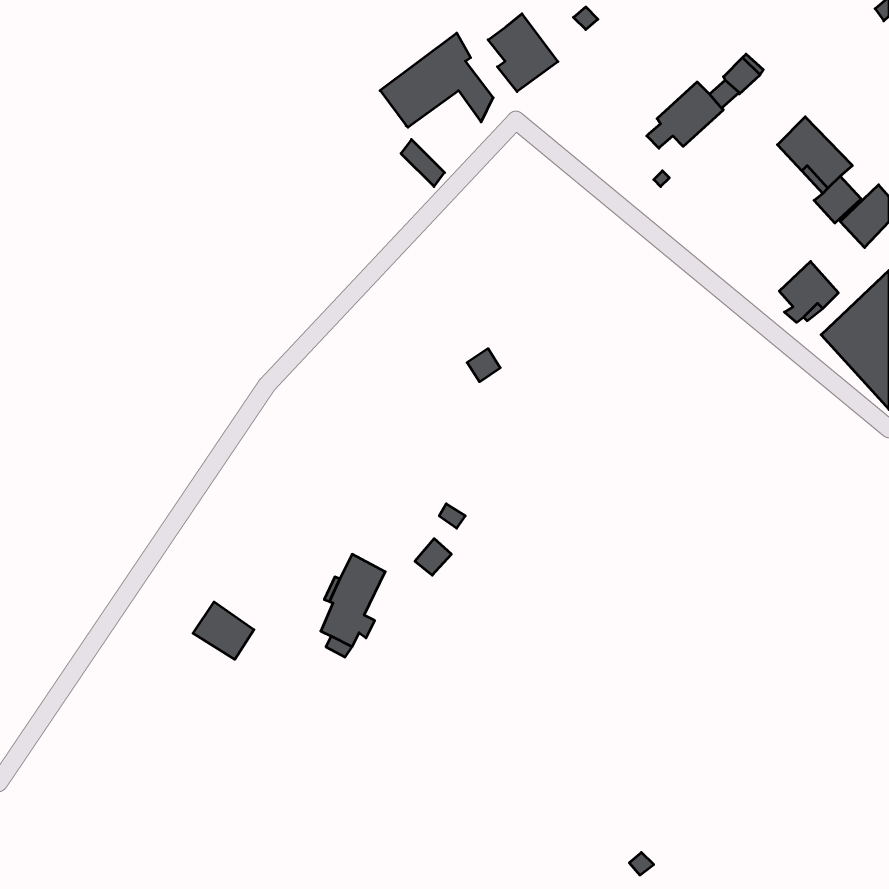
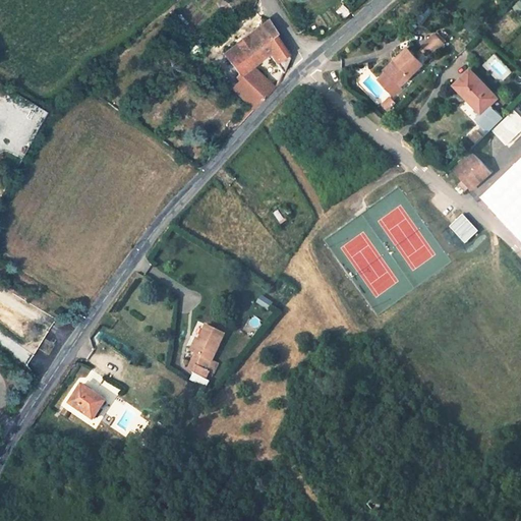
building: [488,14,558,92] -> none
building: none -> [235,66,271,101]
building: none -> [449,214,477,242]
building: [193,602,254,659] -> [69,384,105,417]

